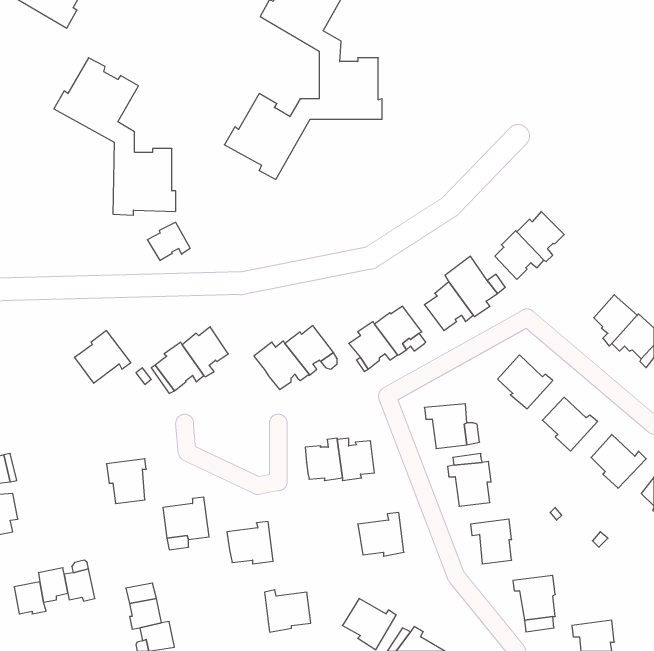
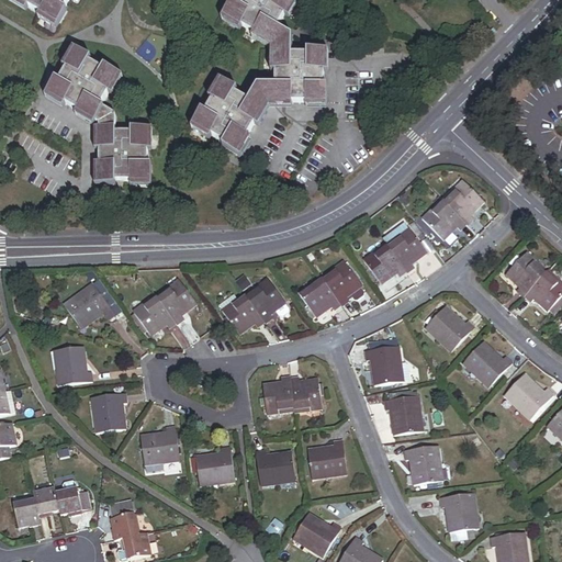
building: [147,222,190,260] -> none
building: none -> [55,346,91,385]
building: [265,590,311,632] -> [255,449,294,485]

